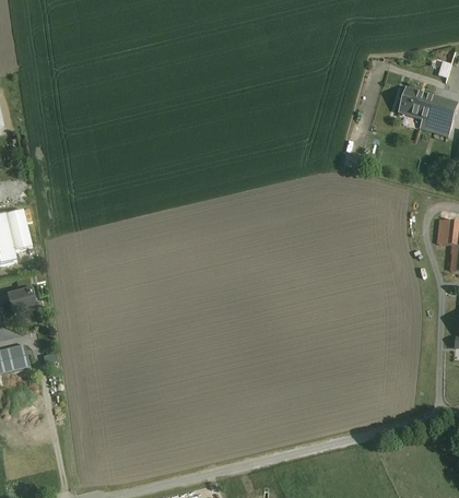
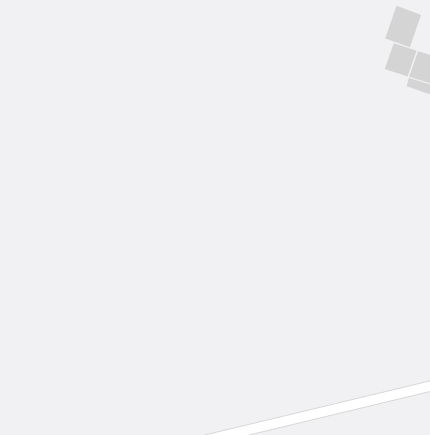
building: none -> [384,5,422,48]

